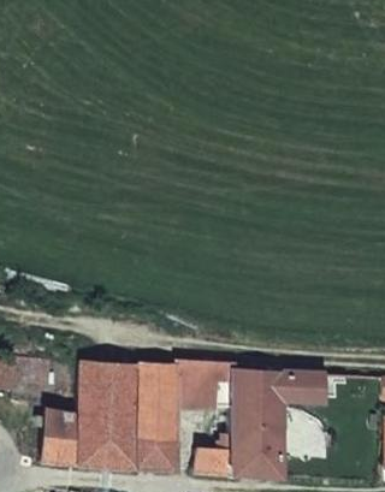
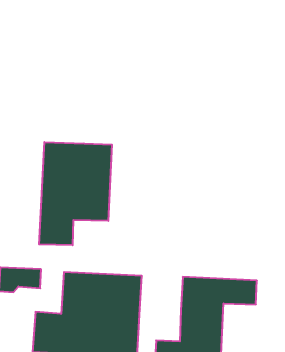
building: none -> [39,142,112,245]
building: [178,360,232,410] -> none

